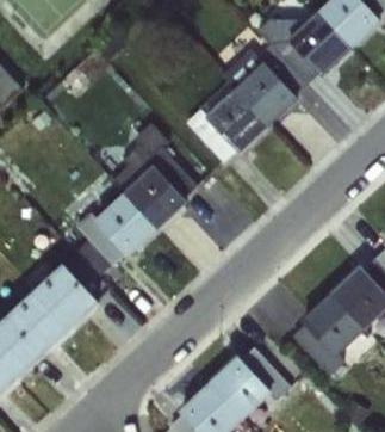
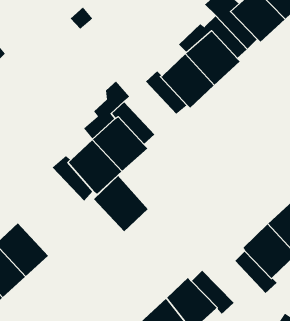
building: [35,261,100,329] -> [93,175,148,232]

